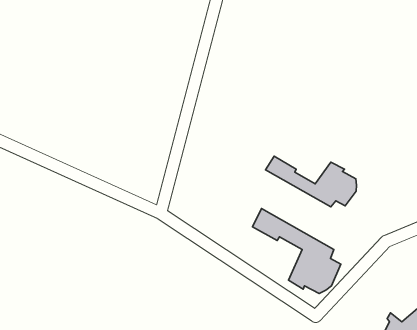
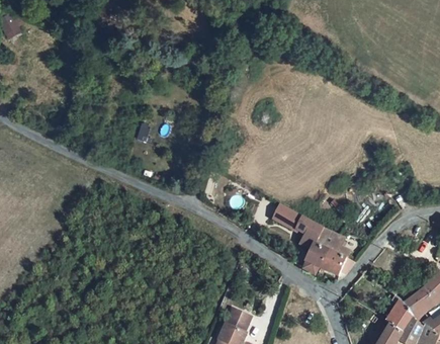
building: [265,156,357,207] -> none

